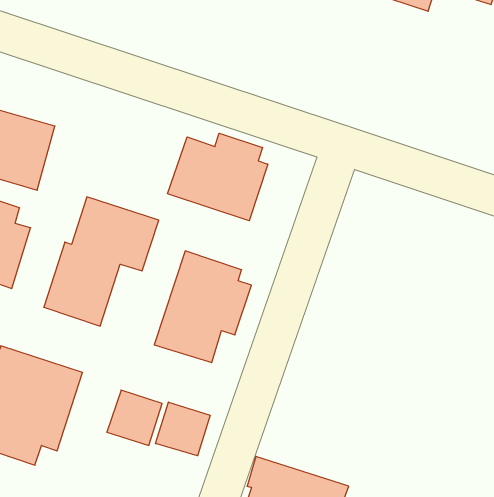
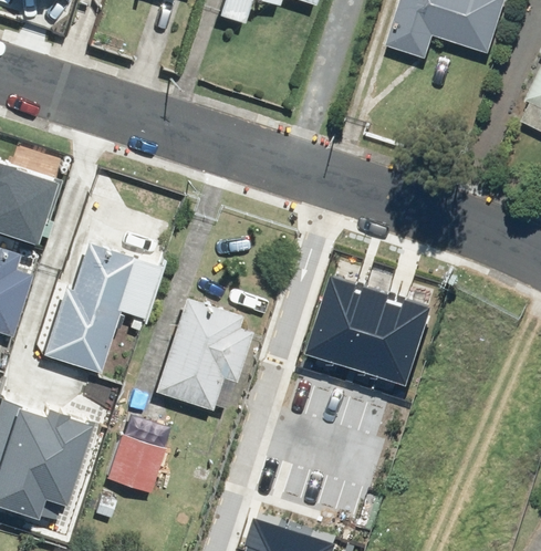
building: [167,133,268,221] -> none
building: none -> [311,270,434,378]
building: [156,402,210,456] -> none

